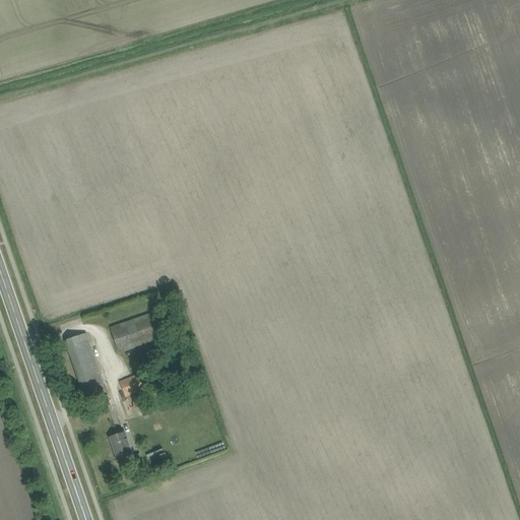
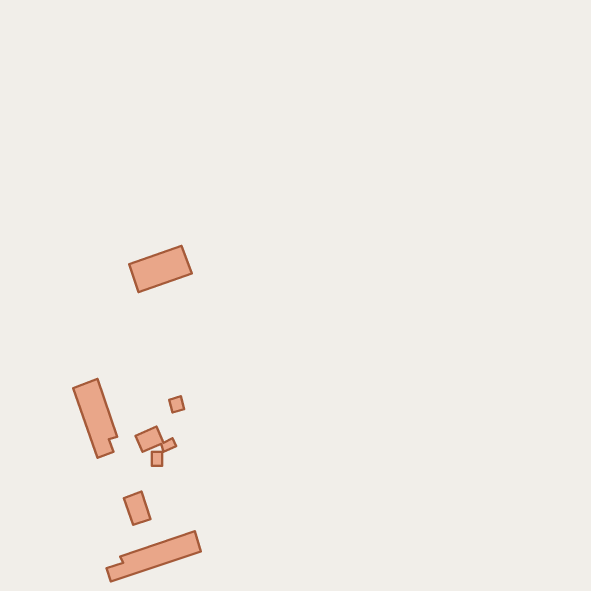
building: [110,311,165,351] -> [129,246,192,292]
building: none -> [106,531,201,582]

